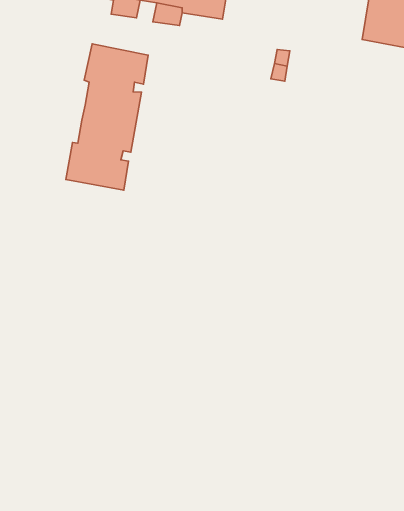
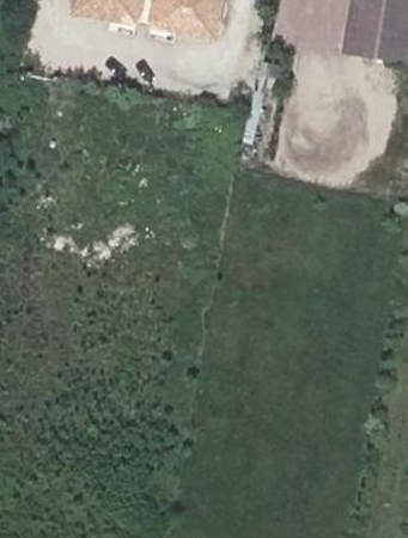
building: [66,44,148,190] -> none

